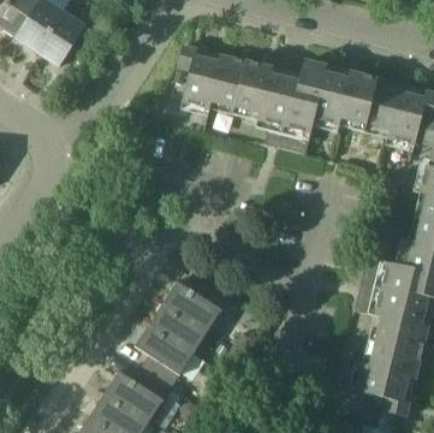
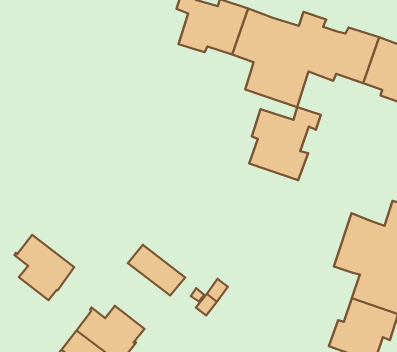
building: none -> [249,107,321,180]
building: [164,279,221,332] -> none
building: [135,322,195,386] -> [15,235,74,300]

